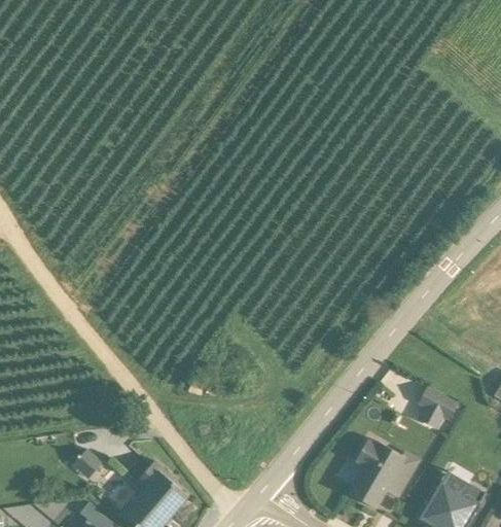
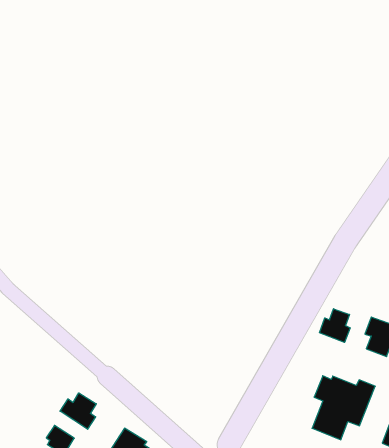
building: none -> [319,309,350,342]
building: none -> [60,393,96,429]

